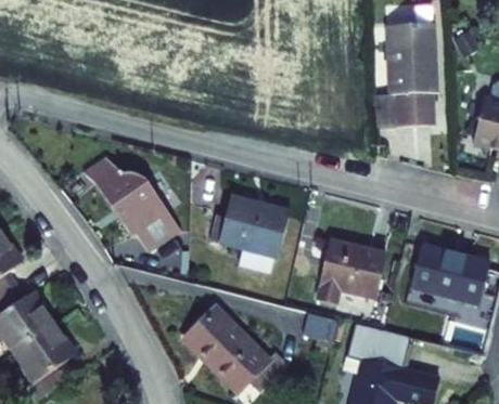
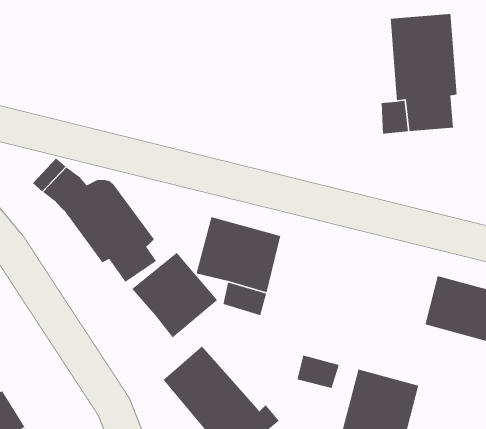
building: none -> [131,252,218,338]
building: [317,236,386,299] -> none

